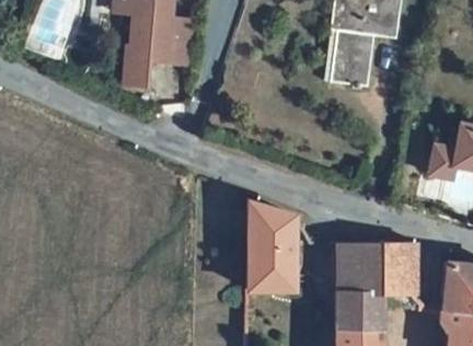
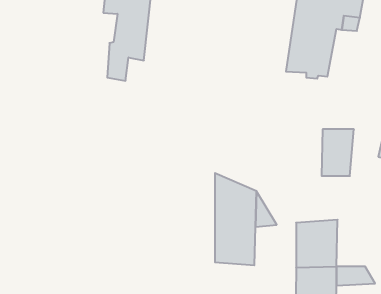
building: [379,242,414,292] -> [322,129,354,176]

